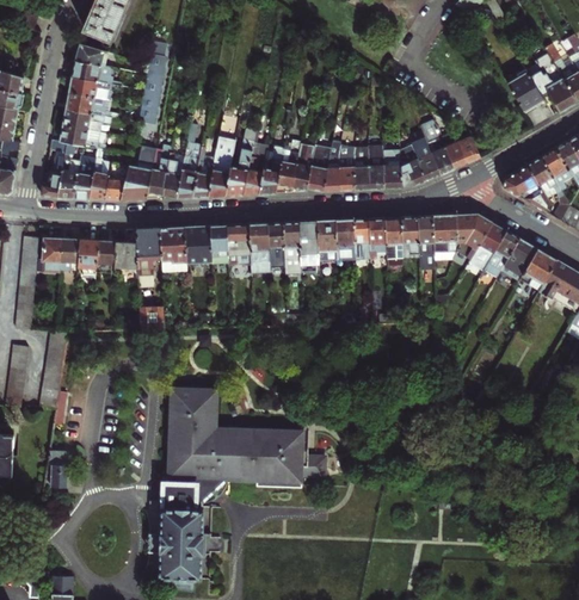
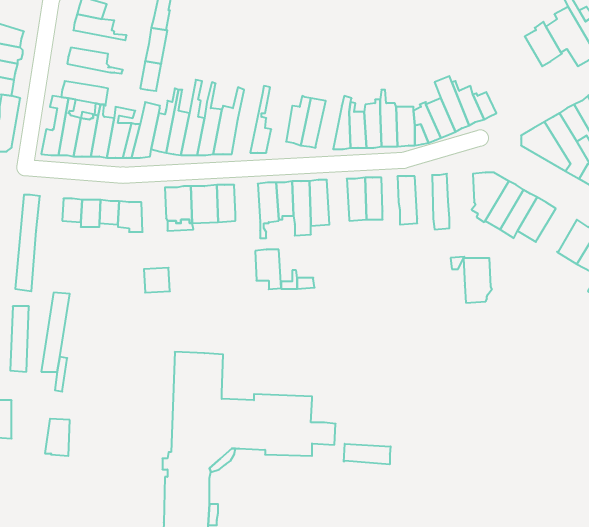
building: [69,78,122,100] -> none
building: [63,110,107,132] -> none
building: [306,135,331,192] -> none
building: [224,136,254,197] -> none
building: [258,147,284,196] -> none
building: [432,216,460,259] -> [463,258,492,303]
building: [401,217,419,259] -> none
building: [369,218,387,260] -> none
building: [316,221,338,265] -> none
building: [227,225,252,264] -> [255,250,281,289]
building: [136,229,161,289] -> none
building: [36,239,62,272] -> none
building: [519,249,558,291] -> none
building: none -> [344,444,391,464]

